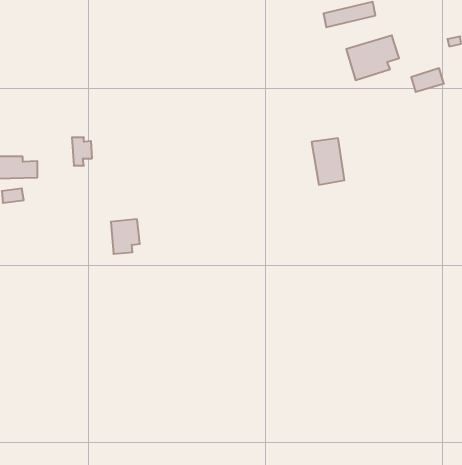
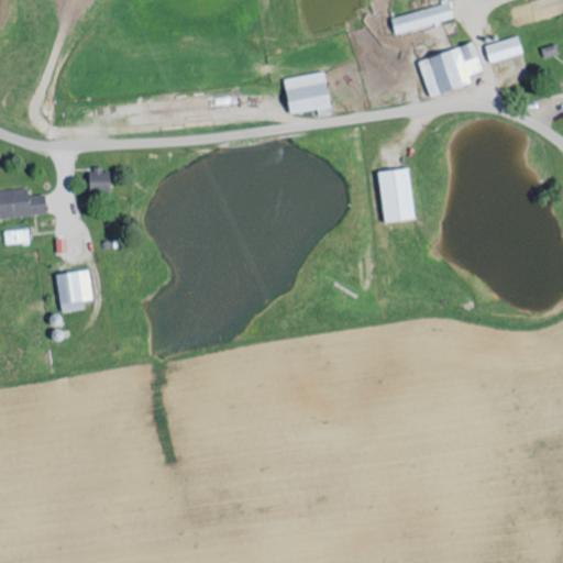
building: none -> [284,71,331,113]
building: [411,68,444,92] -> [483,34,522,63]
building: [111,219,140,254] -> [56,269,91,311]

